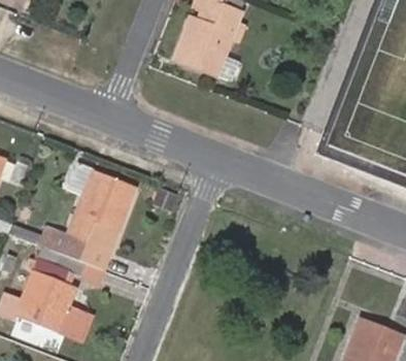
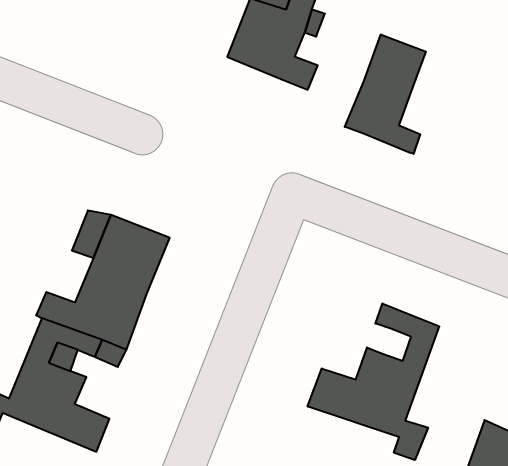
building: none -> [345,34,426,154]
building: none -> [308,303,439,460]

